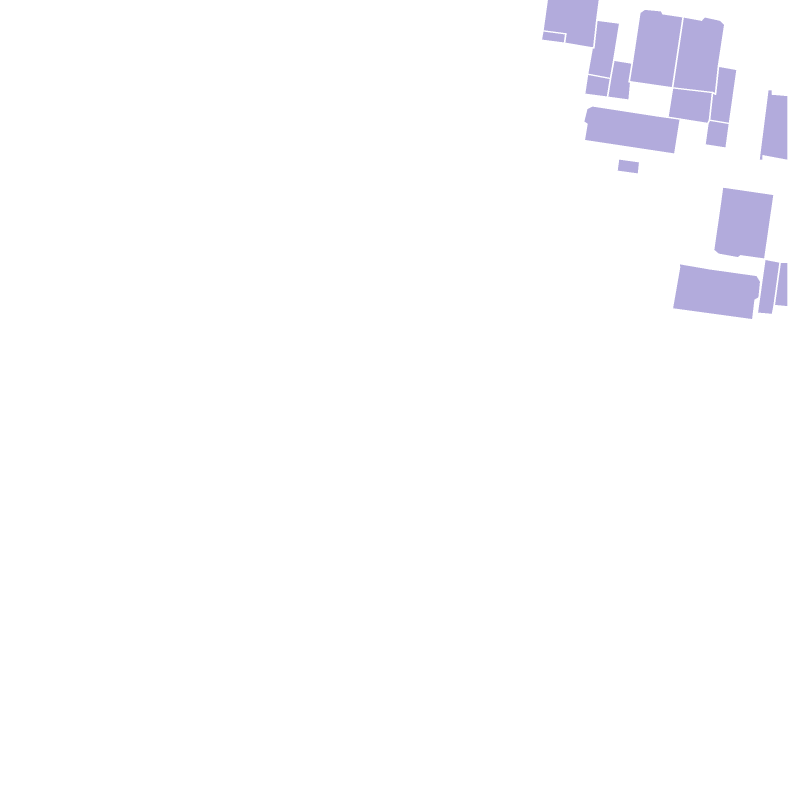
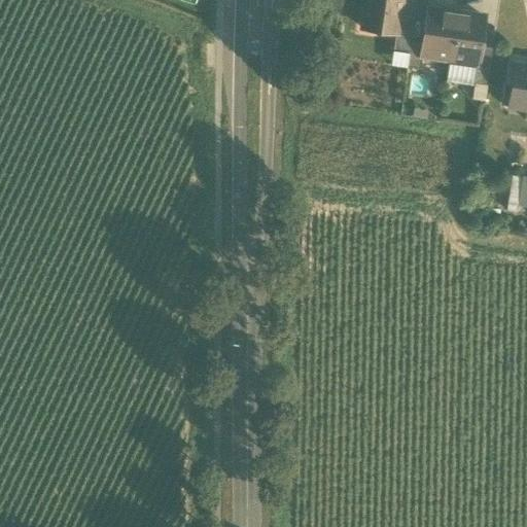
building: [583,106,681,154] -> none
building: [714,187,774,259] -> none
building: [672,263,761,320] -> none

